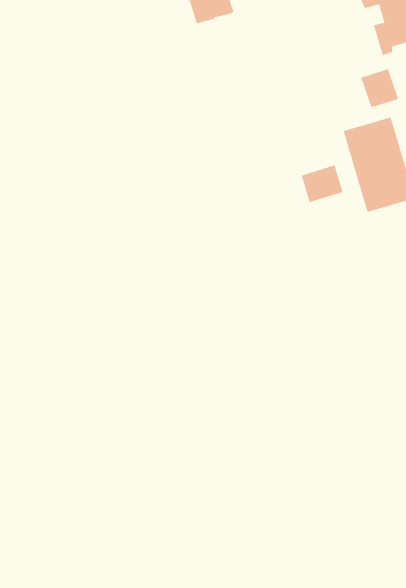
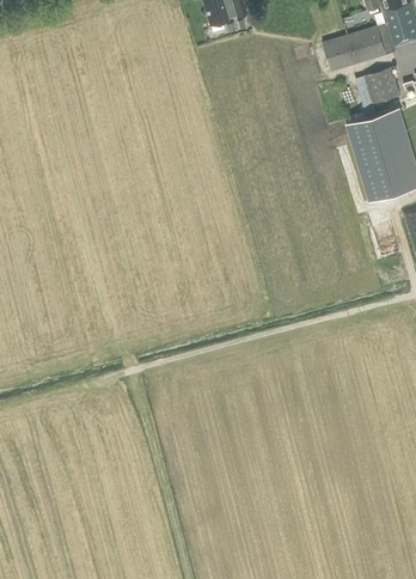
building: none -> [323,26,385,71]
building: [301,165,343,203] -> none

